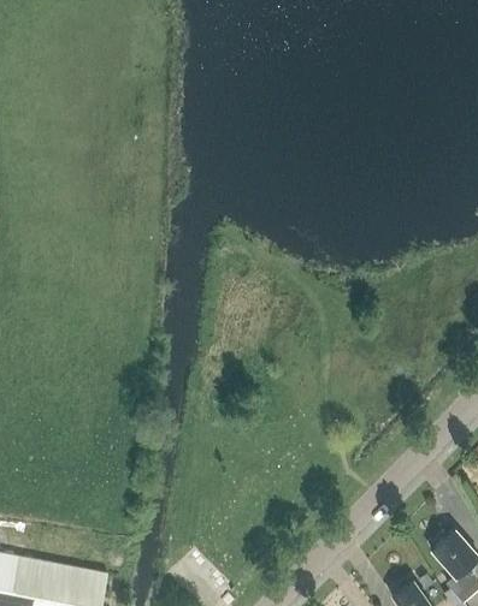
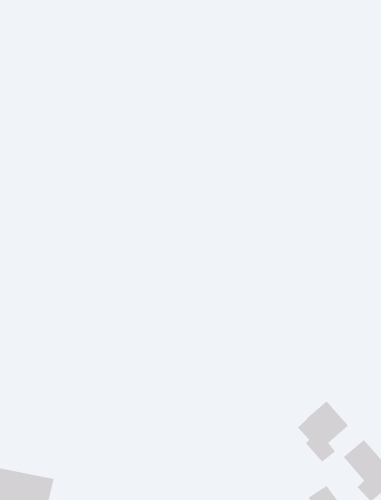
building: none -> [297,400,349,463]

